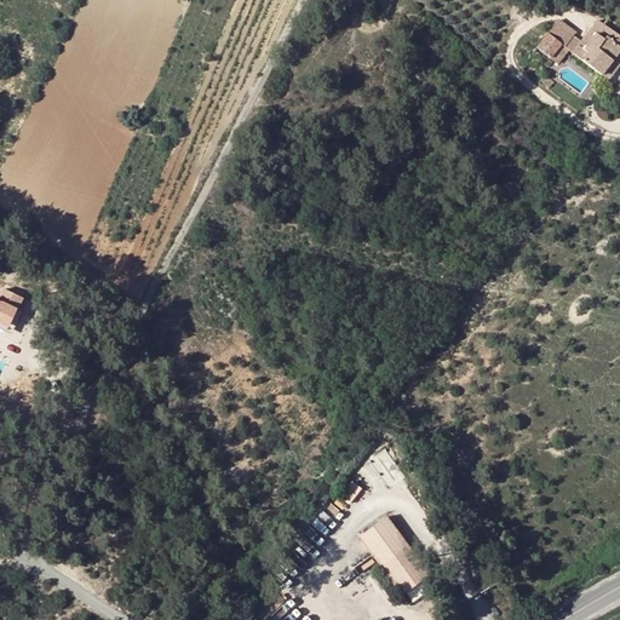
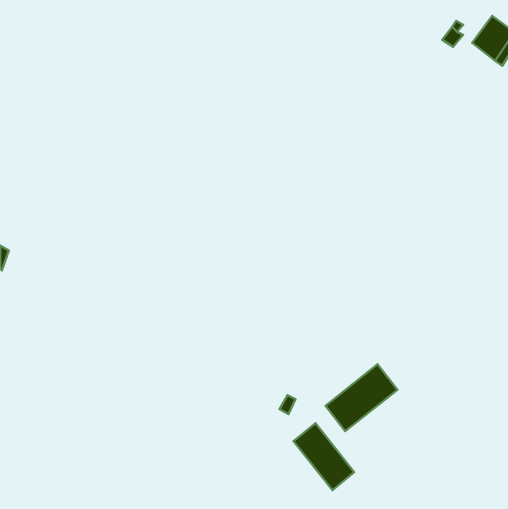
building: none -> [325,364,397,431]

